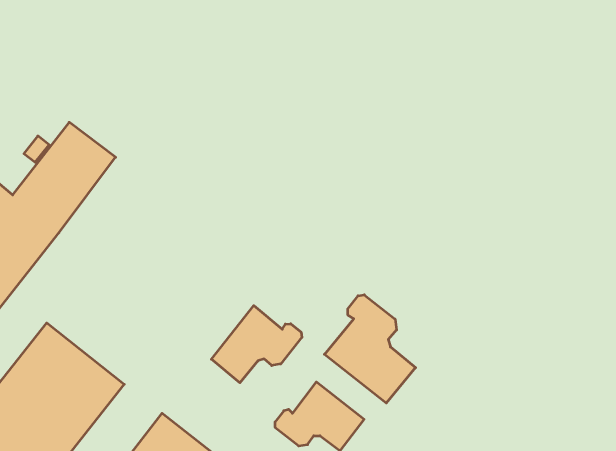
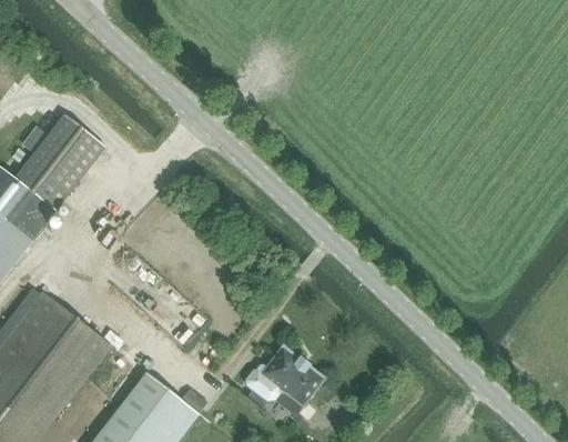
building: [324,295,416,403] -> none
building: [211,306,302,383] -> none

